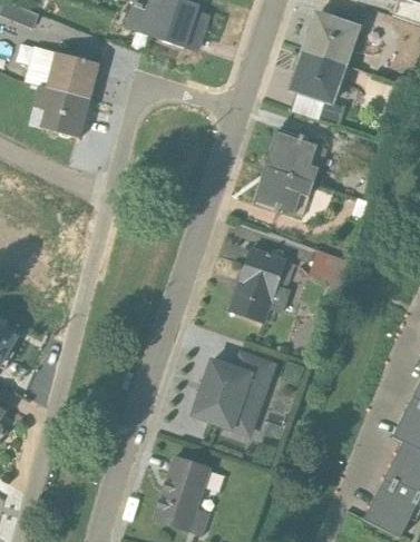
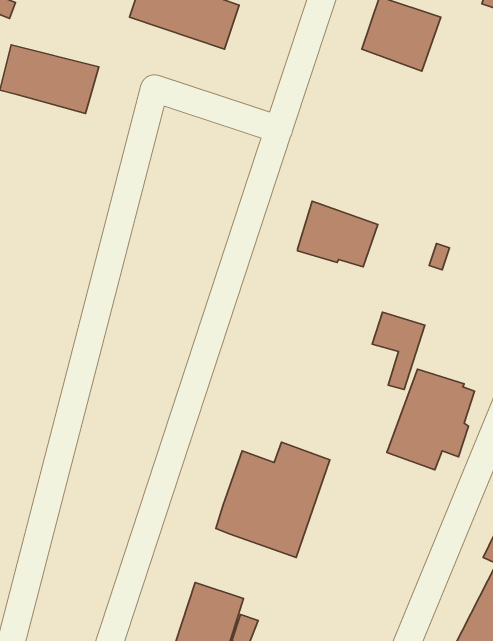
building: [286,49,346,124] -> none
building: [32,83,90,137] -> none
building: [263,127,325,181] -> none
building: [227,246,294,323] -> [387,369,474,470]

